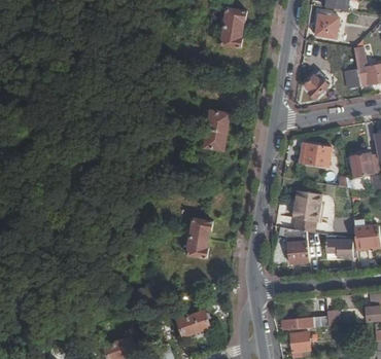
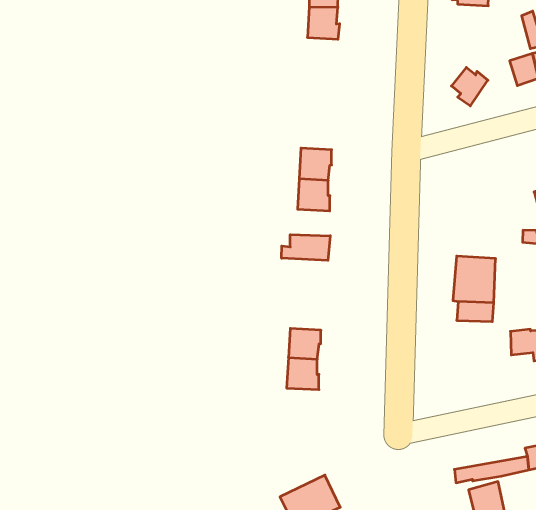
building: [303,143,333,168] -> none
building: none -> [282,235,330,260]
building: [289,240,311,262] -> none

